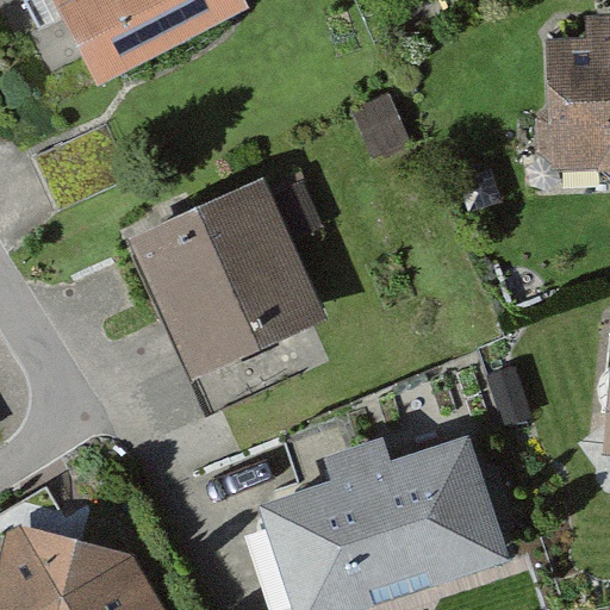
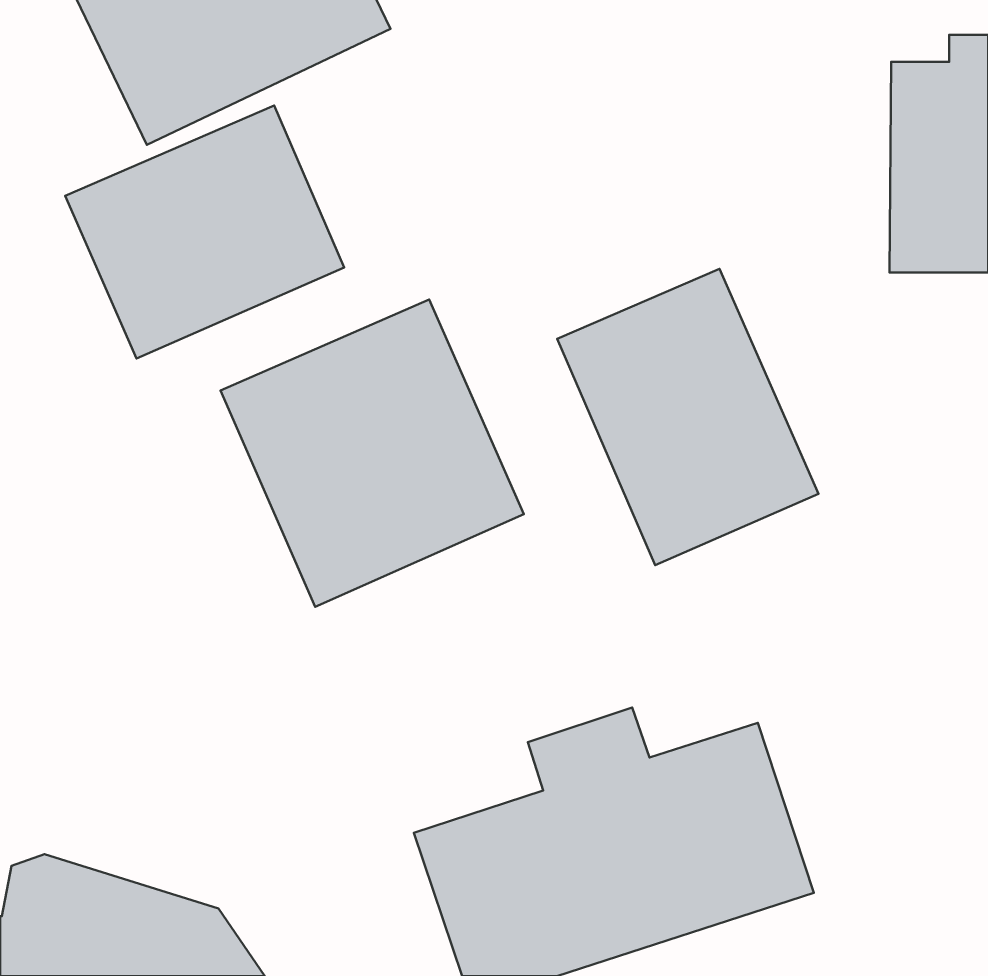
building: none -> [65,106,344,359]
building: none -> [557,269,818,565]

